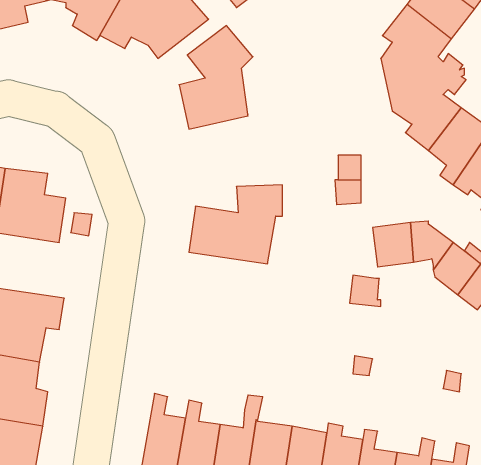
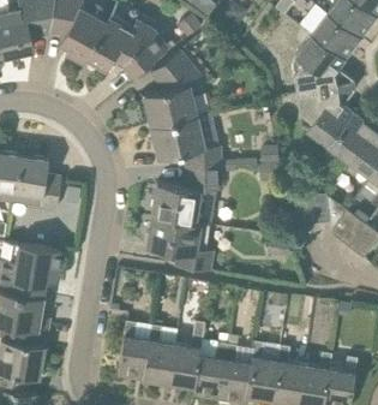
building: none -> [151,112,220,168]
building: none -> [146,216,211,272]

